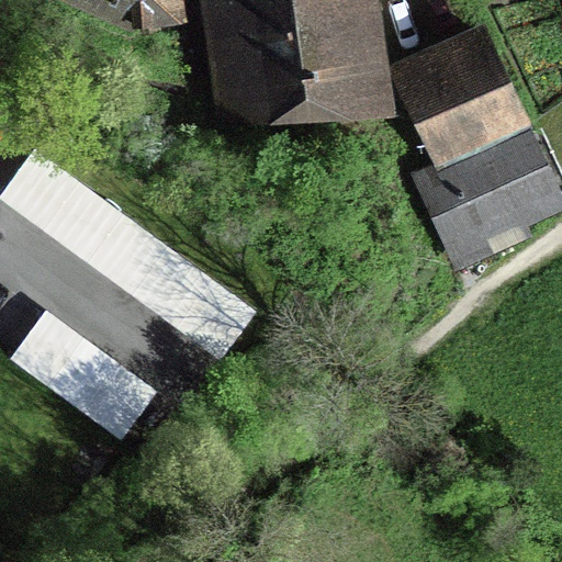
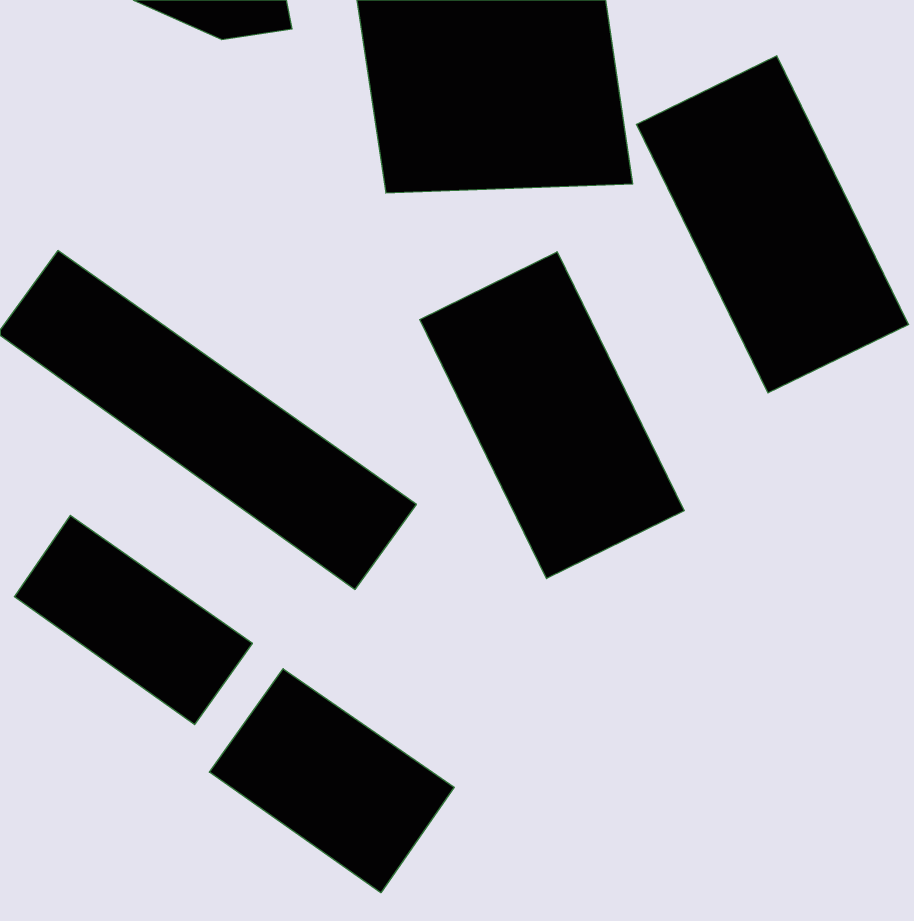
building: none -> [420,252,684,579]
building: none -> [209,669,454,893]

